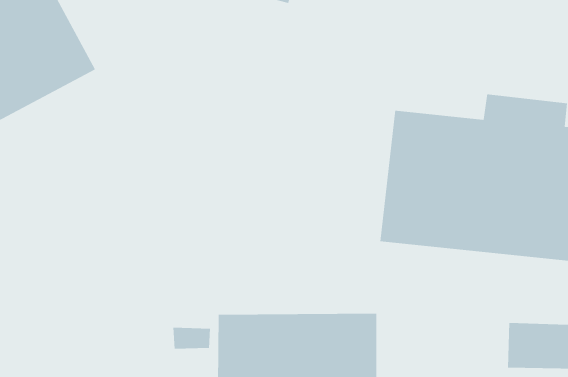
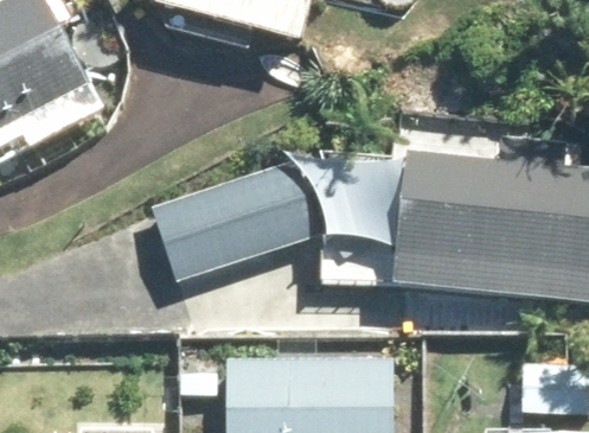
building: none -> [151,158,324,282]

